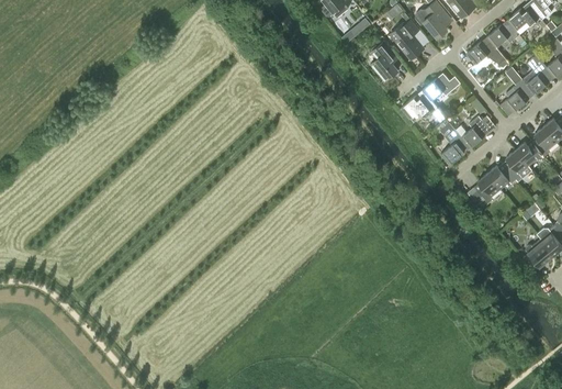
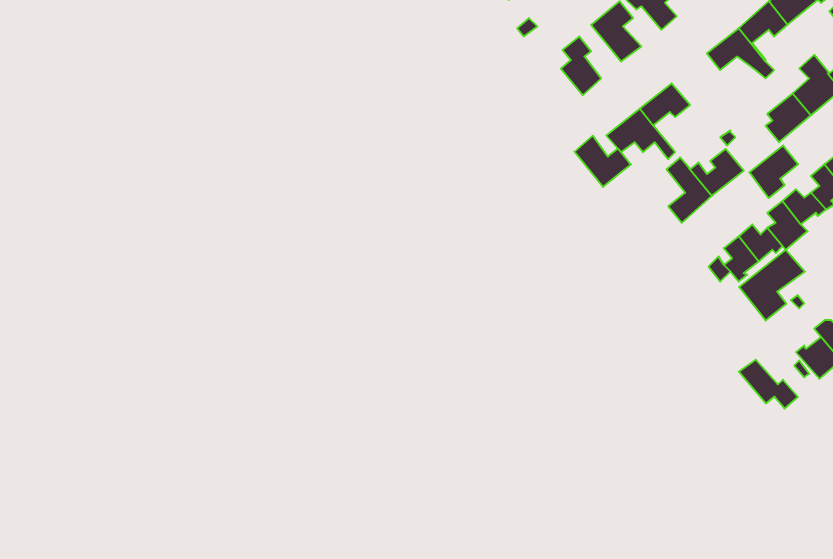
building: none -> [574,136,631,187]
building: none -> [749,145,798,198]
building: none -> [739,250,805,321]
building: none -> [739,360,798,409]

